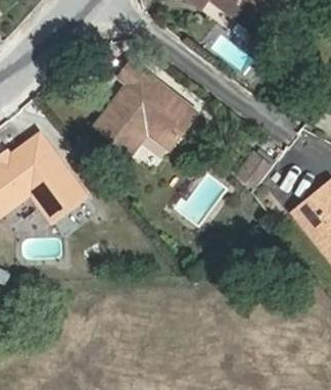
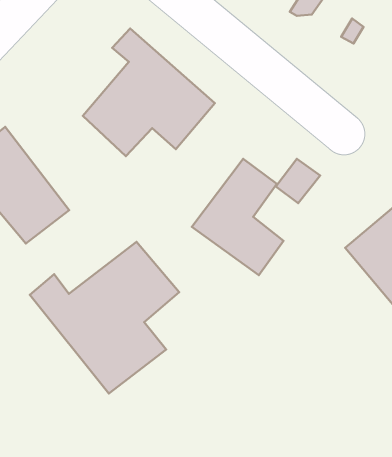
building: none -> [192,159,283,275]
building: none -> [30,242,179,394]

